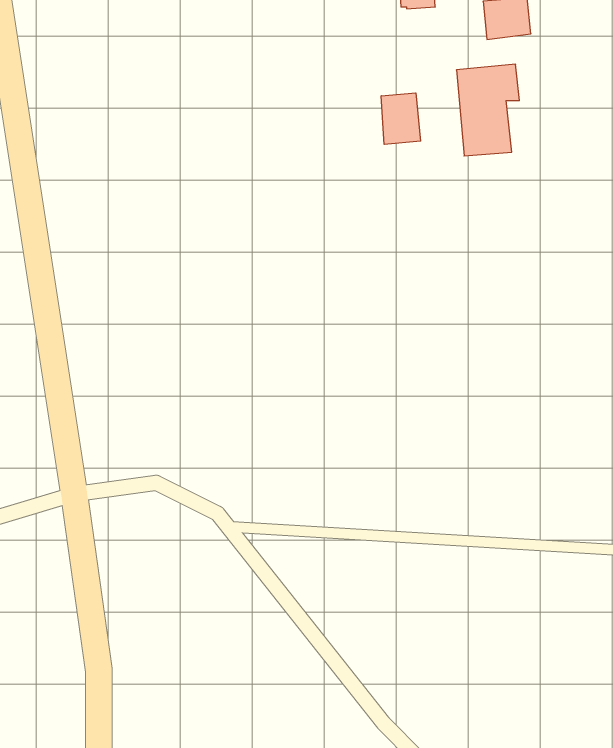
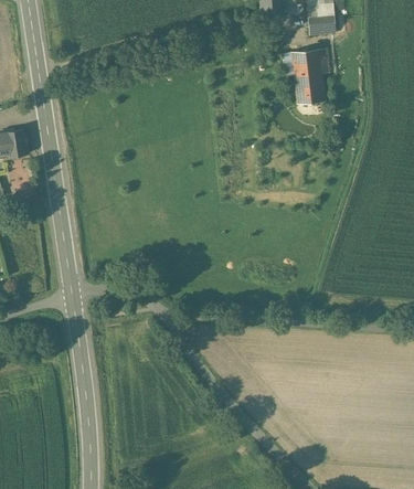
building: [381,93,421,144] -> none

